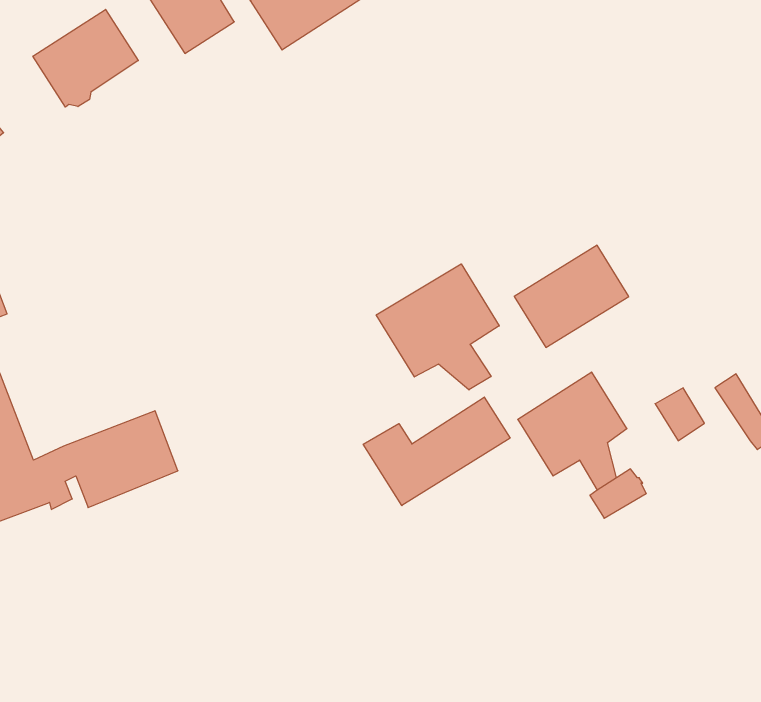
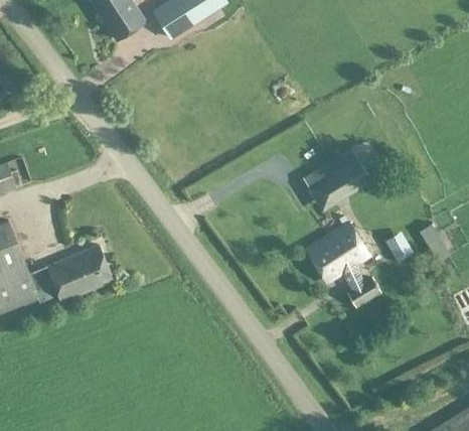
building: [33,9,138,107] -> none
building: [376,264,499,390] -> none
building: [363,397,510,506] -> none

